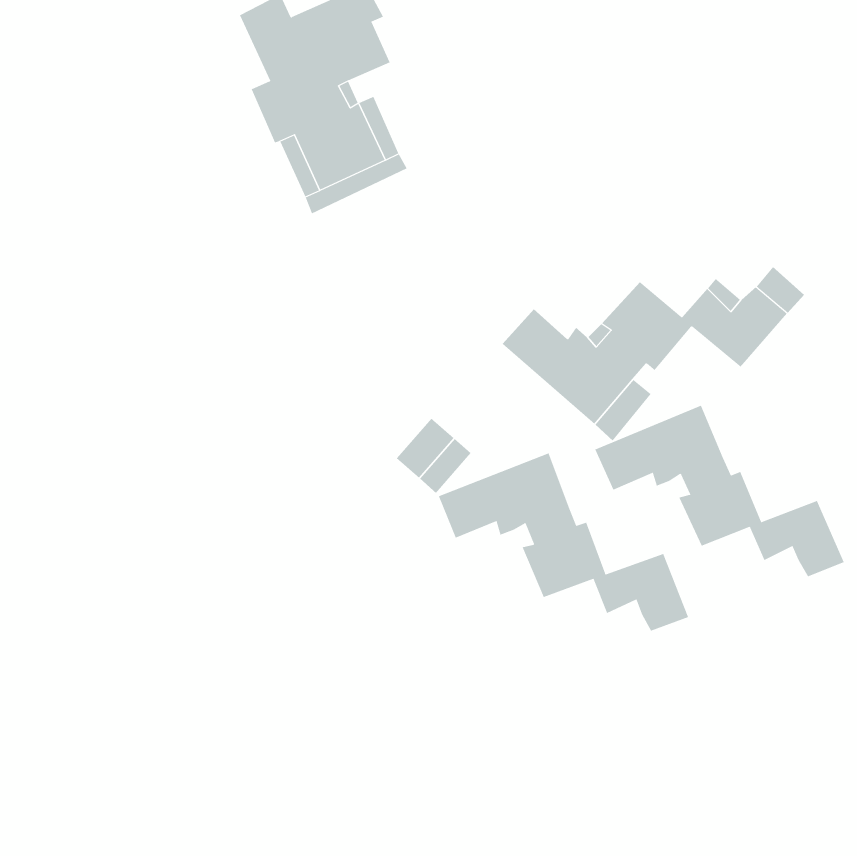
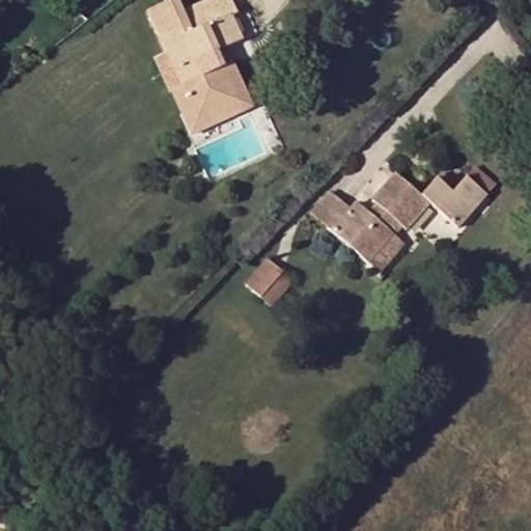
building: [594,405,845,577] -> none
building: [438,453,689,632] -> none

